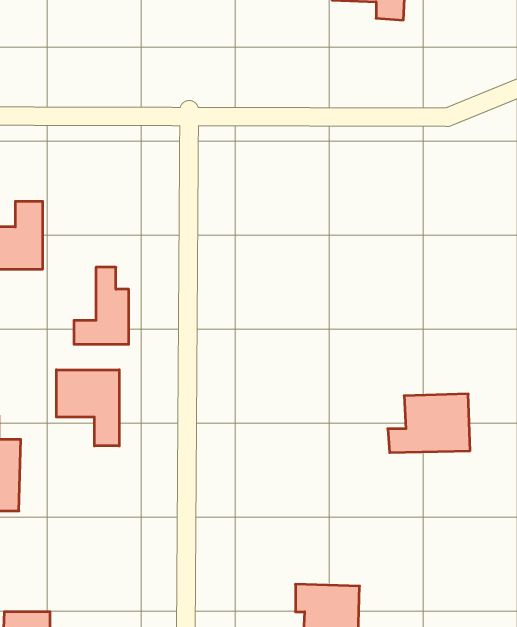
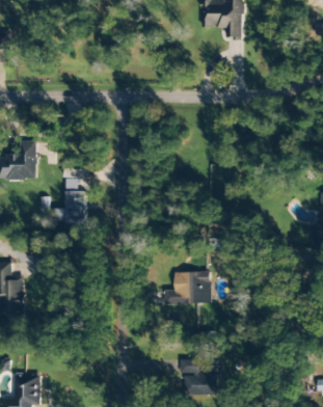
building: [56,370,119,446] -> none
building: [388,394,470,453] -> [164,270,211,303]

